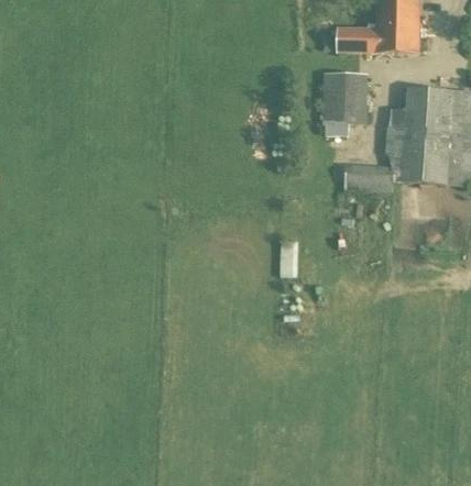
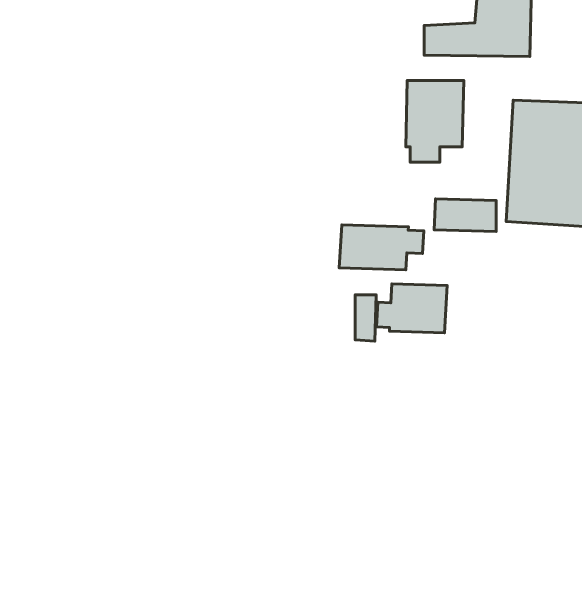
building: none -> [339,225,424,270]
building: none -> [377,284,447,333]

